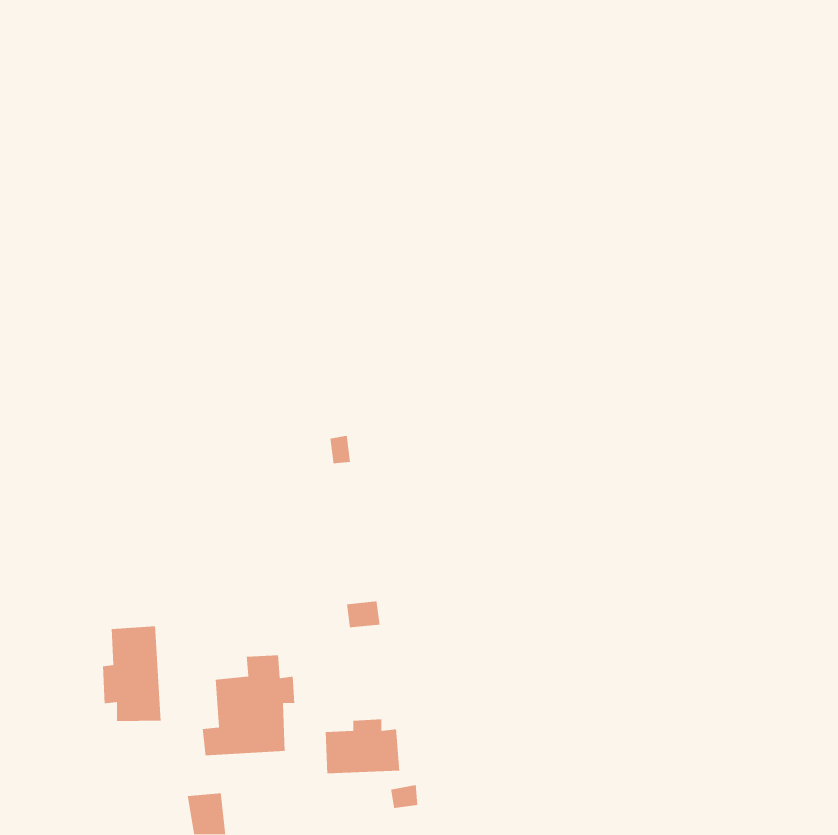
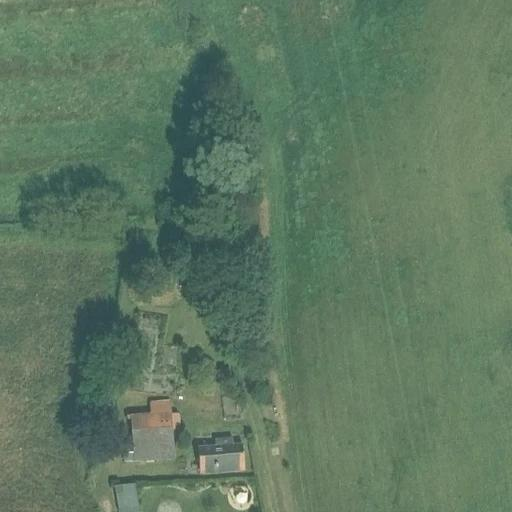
building: [102,626,161,722] -> none

